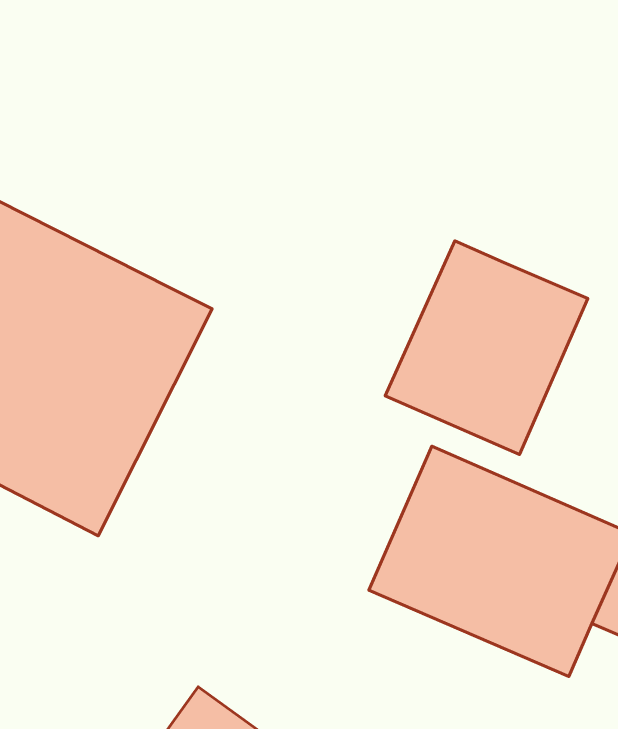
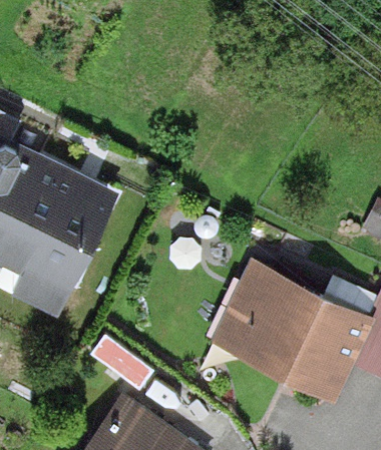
building: [385,241,588,455] -> none

